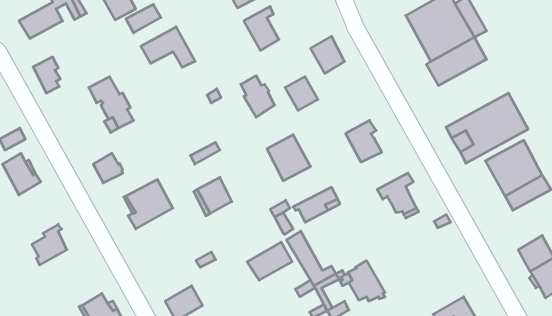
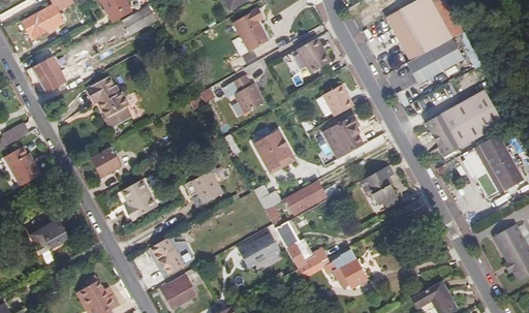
building: [141,27,195,67] -> none
building: [285,77,318,110] -> [322,85,353,117]
building: none -> [149,238,182,274]

